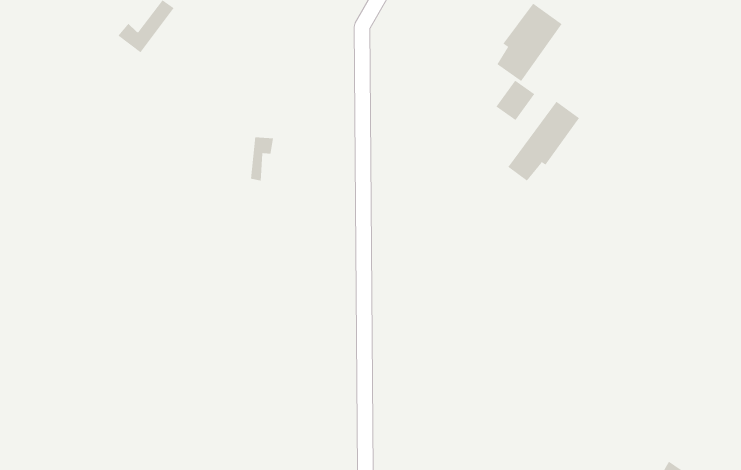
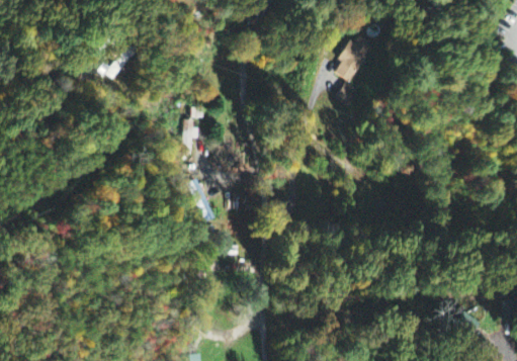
building: [507,101,580,182] -> none

